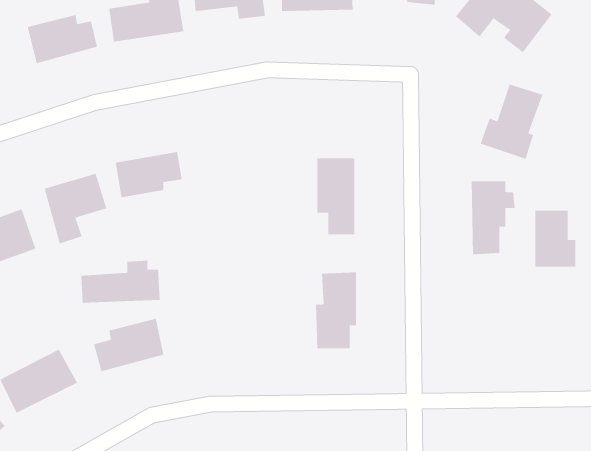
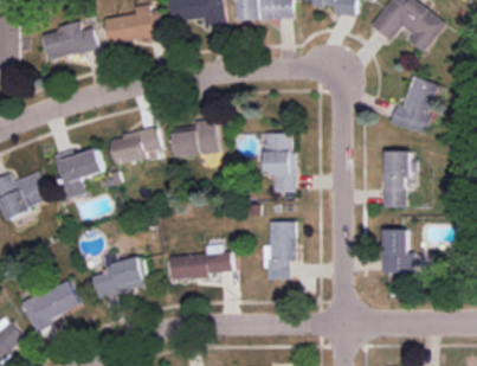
building: none -> [173,118,219,156]
building: [535,210,576,267] -> [381,229,413,272]
building: [80,260,161,303] -> [169,244,231,277]

